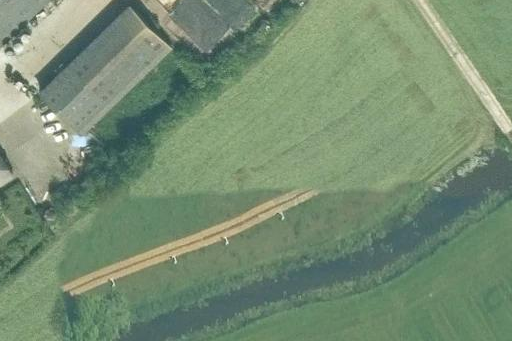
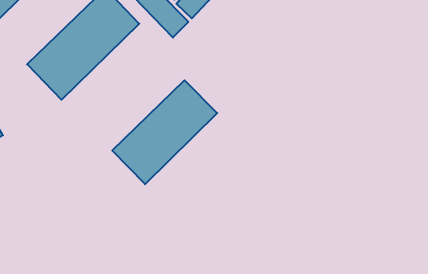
building: none -> [112,80,217,184]

